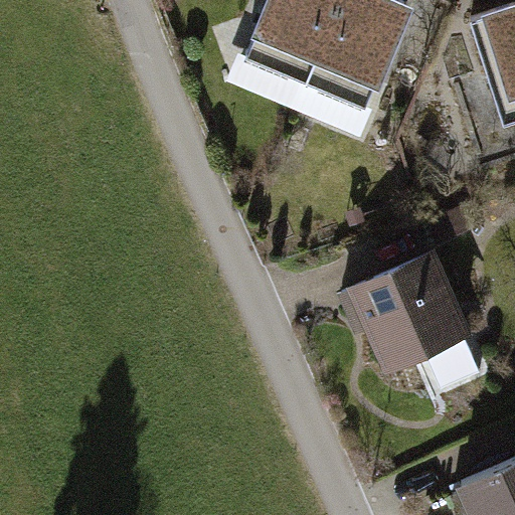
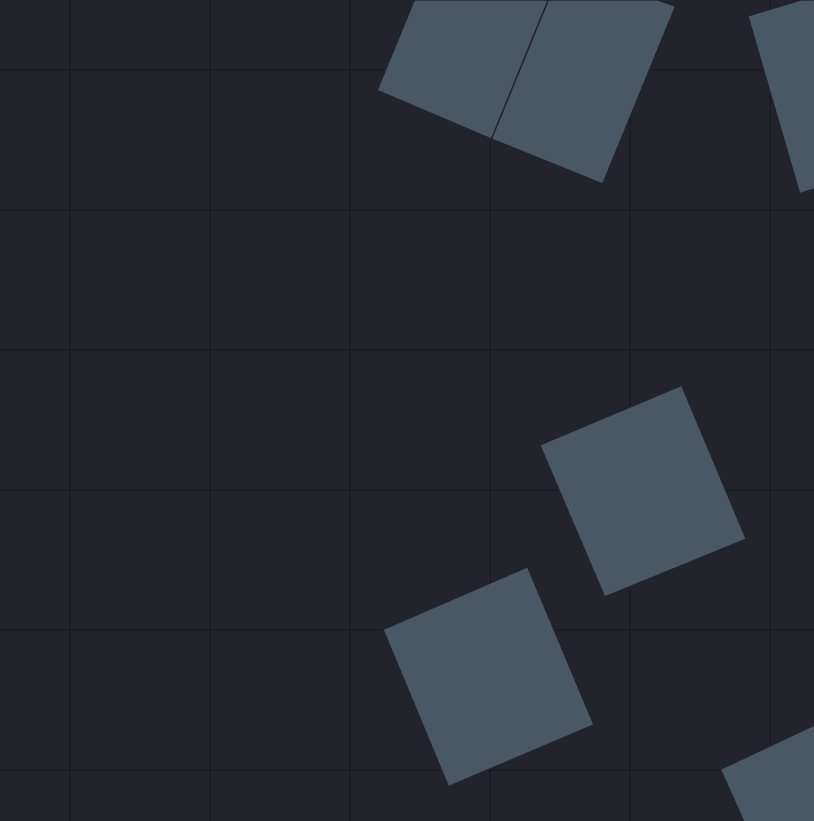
building: none -> [383,567,594,786]

